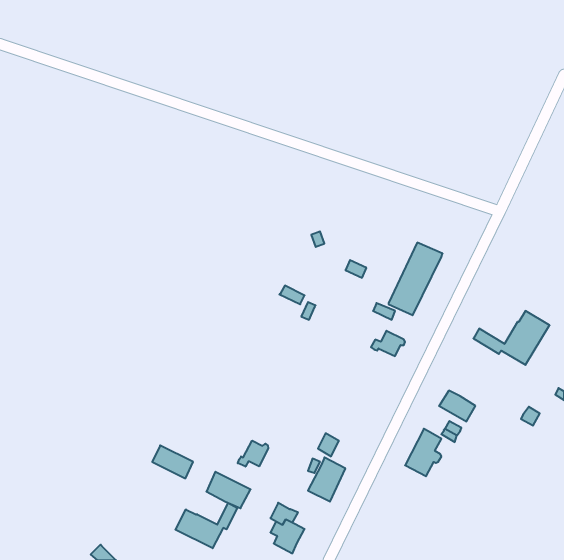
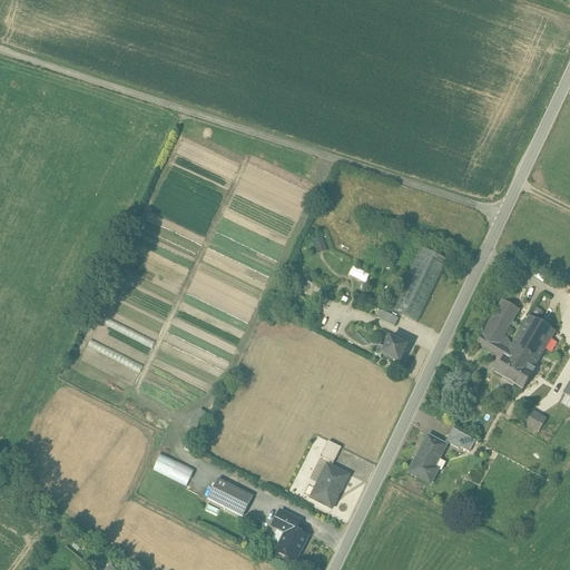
building: none -> [483,298,520,342]
building: [439,391,475,421] -> [495,355,532,386]
building: [238,441,268,467] -> none
building: [175,503,237,548] -> none

